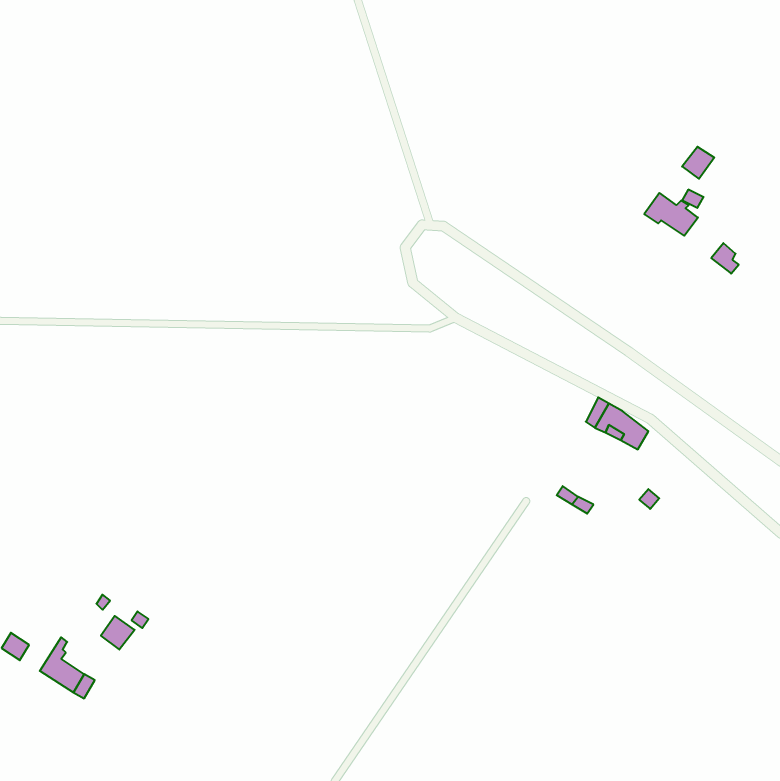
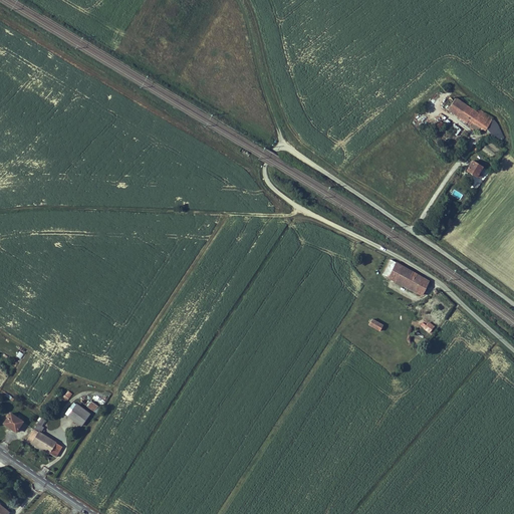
building: [644,193,698,236] -> [460,103,495,132]

